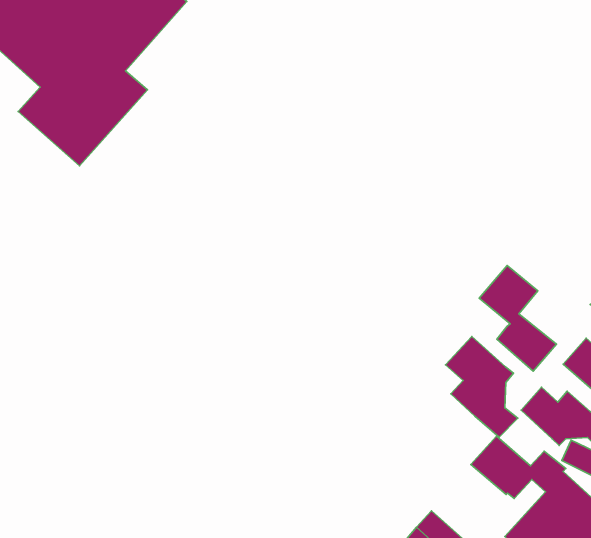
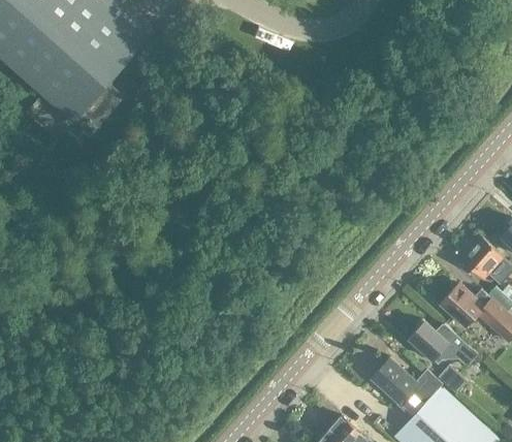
building: [479,265,556,371] -> none
building: [445,337,518,437] -> none

